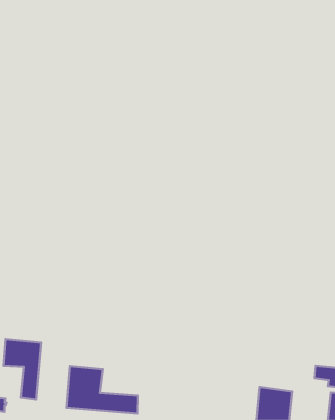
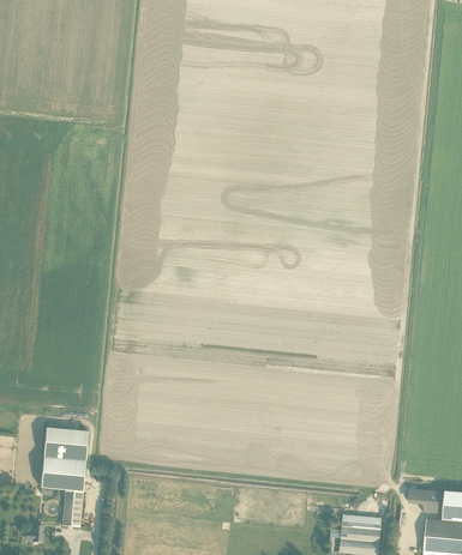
building: none -> [44,427,89,460]
building: [66,366,138,414] -> none

